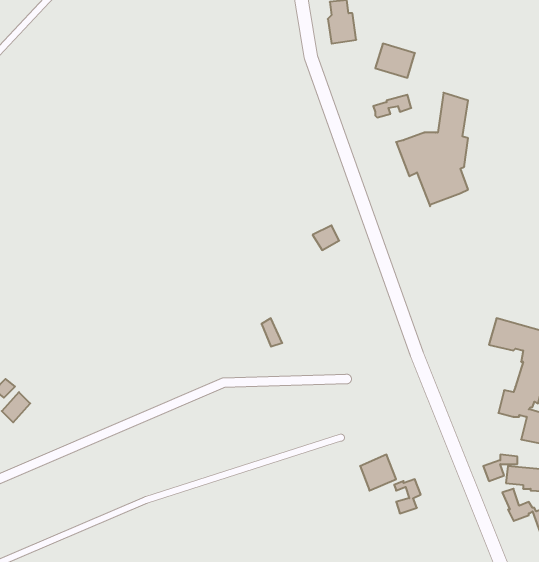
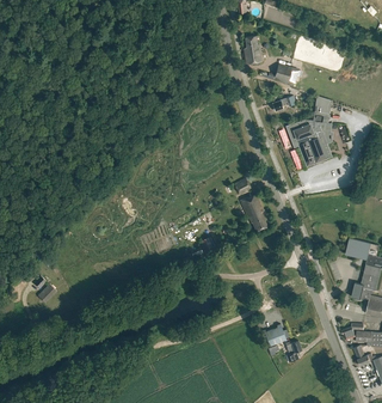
building: none -> [240,194,267,231]

